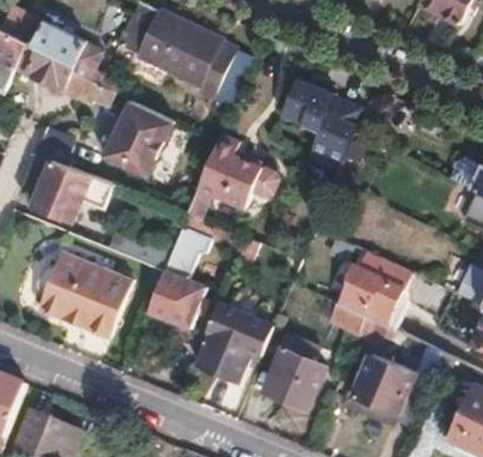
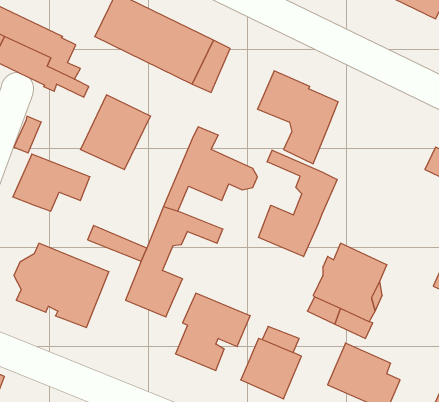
building: none -> [258,150,337,257]

